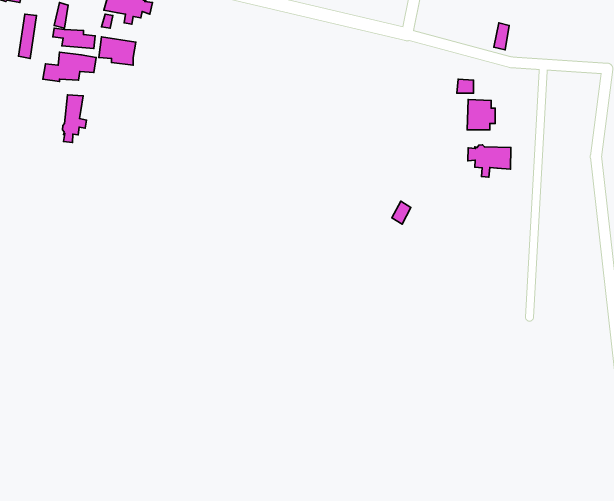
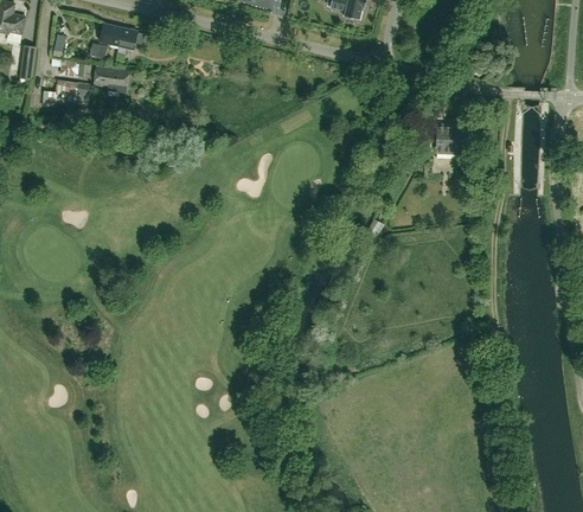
building: [63,95,87,143] -> none
building: [468,145,511,177] -> none

